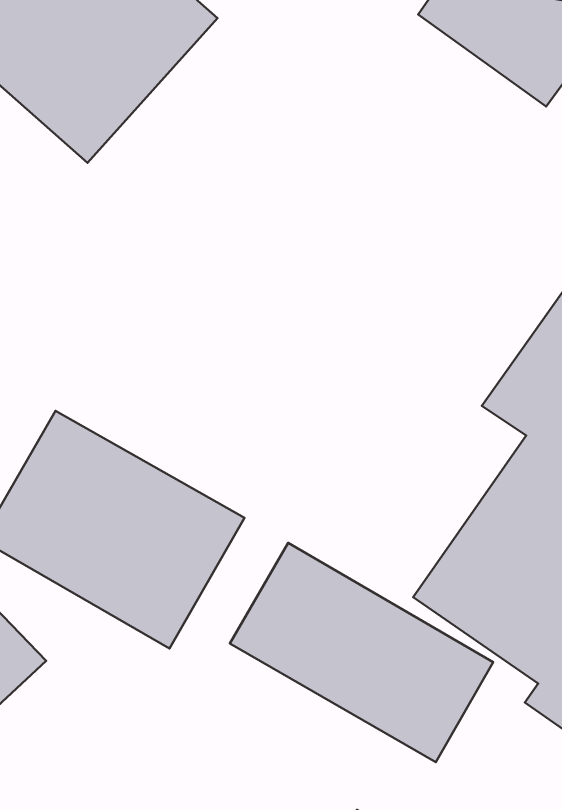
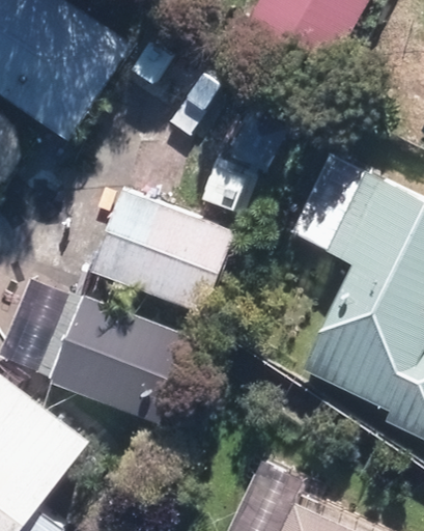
building: none -> [86,187,232,314]
building: [230,543,493,762] -> none

